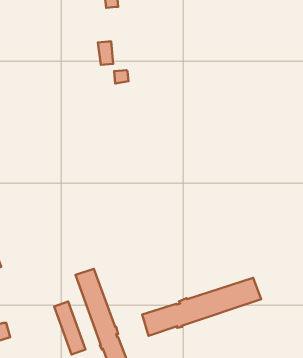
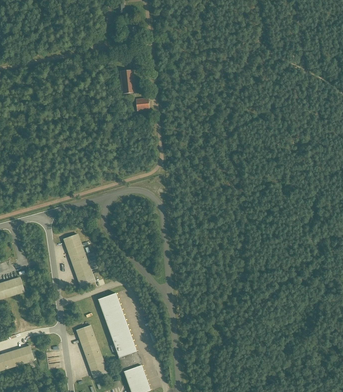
building: none -> [63,234,94,286]
building: [142,278,261,336] -> none

